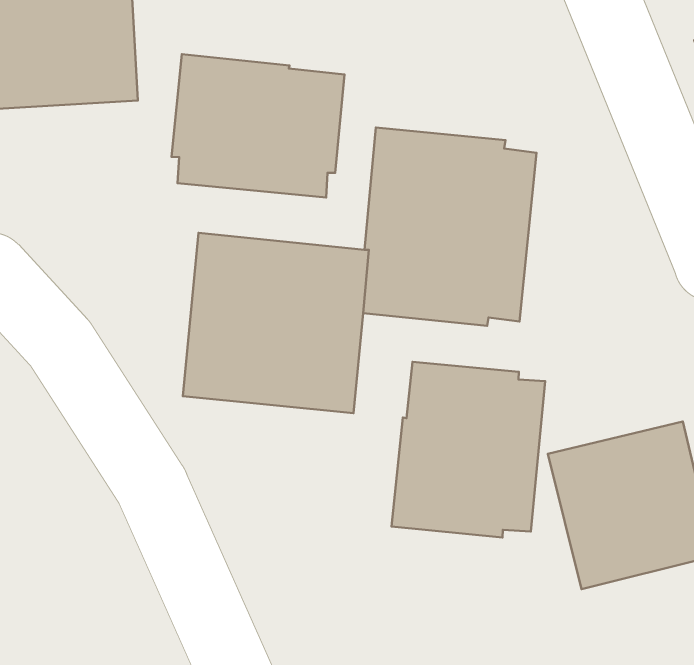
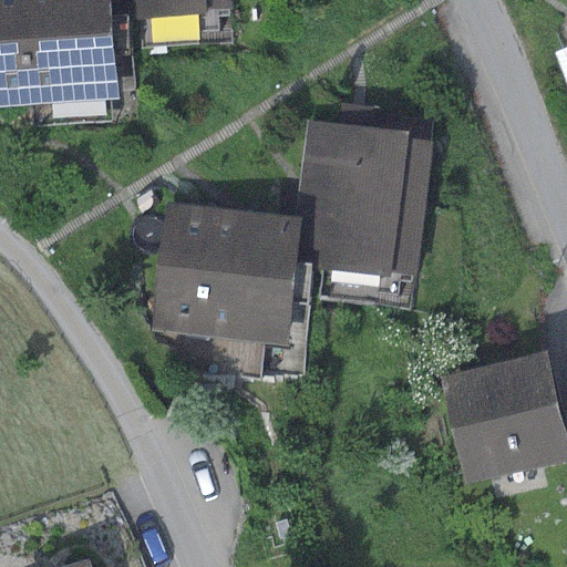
building: [172,54,344,197] -> none
building: [391,362,545,537] -> none

